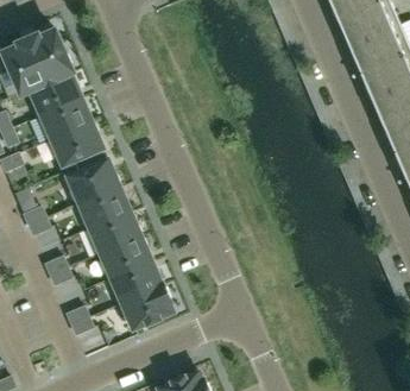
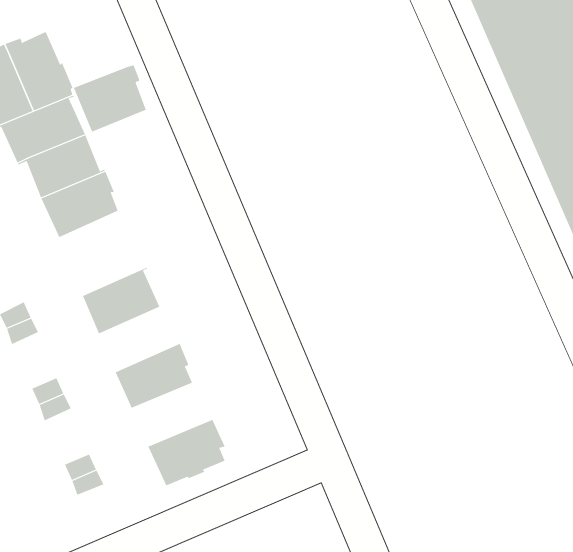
building: none -> [73,64,146,132]
building: [68,159,121,203] -> none
building: [89,210,143,253] -> none
building: [111,260,164,302] -> none

